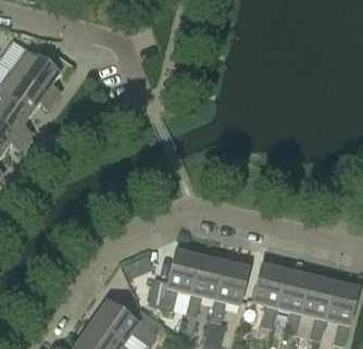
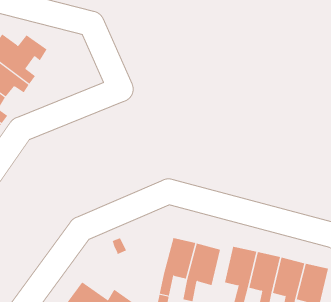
building: [148,249,199,310] -> none

